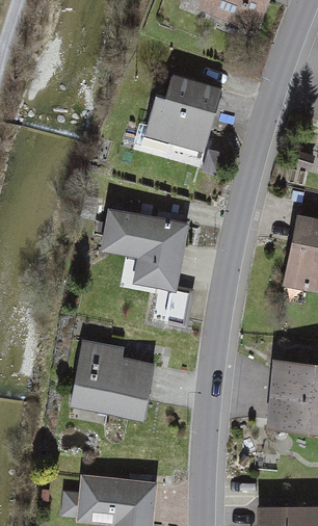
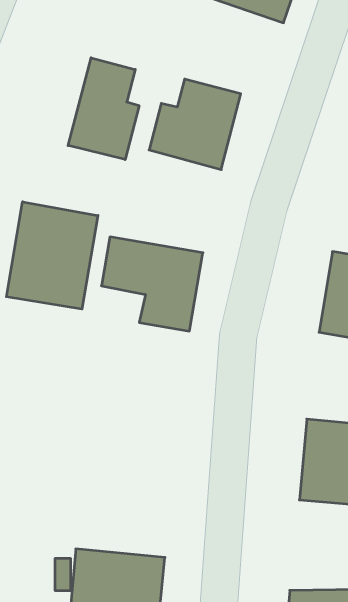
building: none -> [68,58,139,160]
building: none -> [6,202,98,309]
building: [69,341,154,419] -> none

